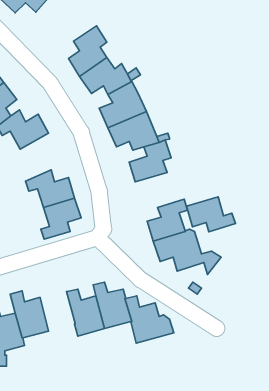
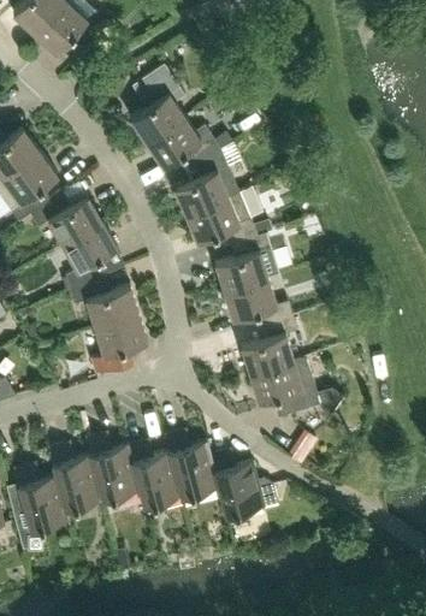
building: none -> [63,224,117,291]
building: [186,197,235,232] -> [224,279,292,328]
building: none -> [85,436,140,502]

